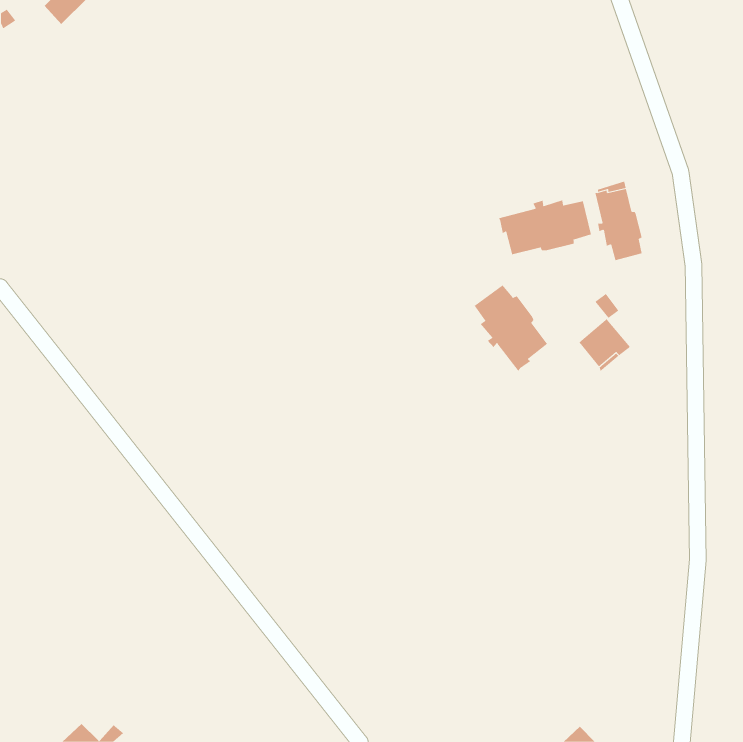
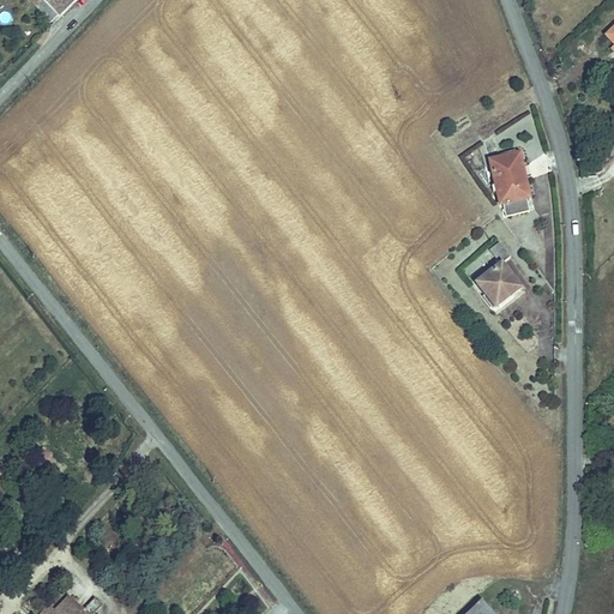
building: [498,199,591,255] -> none
building: [474,285,548,371] -> none

